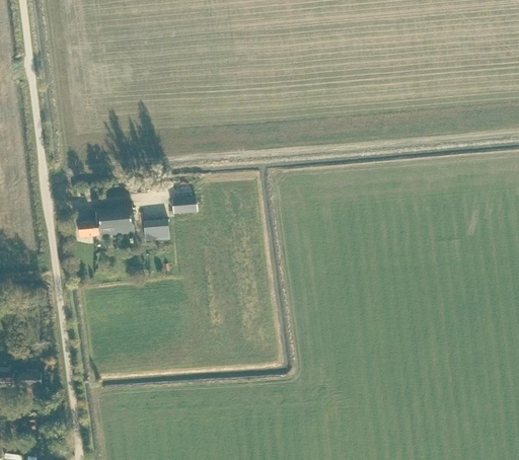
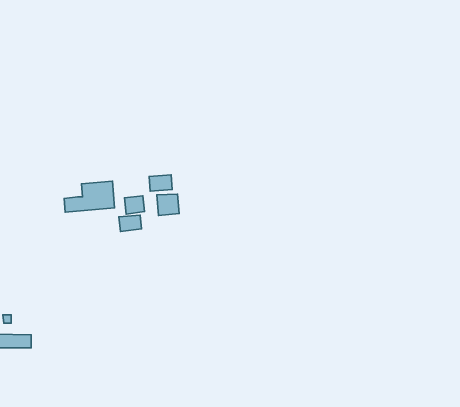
building: none -> [157,194,179,216]
building: none -> [119,215,141,231]

